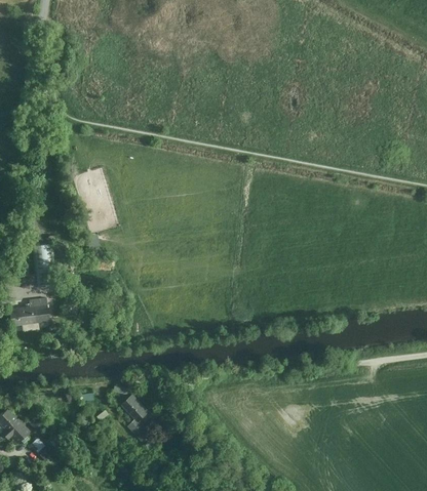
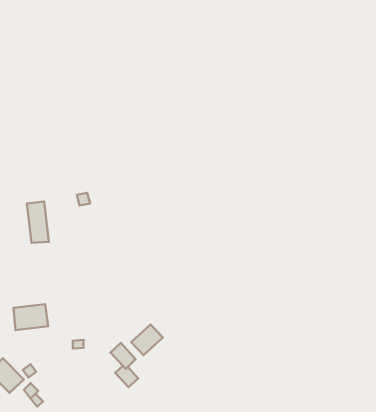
building: [13,300,50,328] -> [13,304,48,330]
building: none -> [131,325,163,355]

